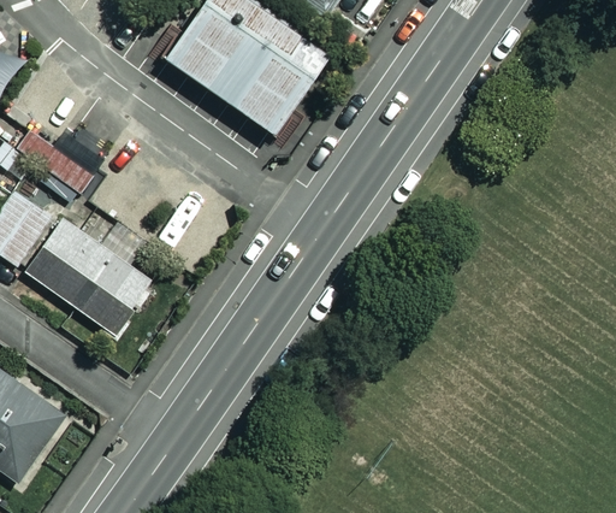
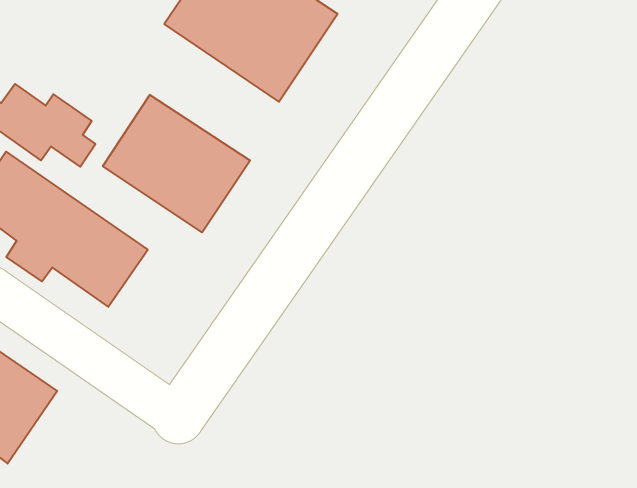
building: none -> [103,95,250,232]

